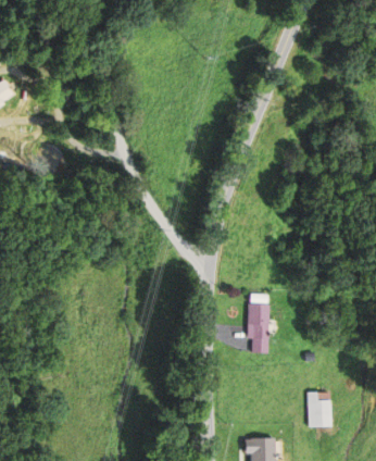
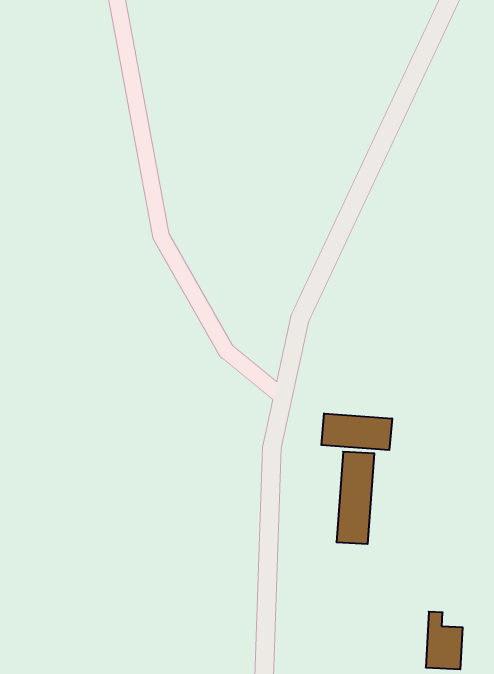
building: none -> [321,413,392,450]

